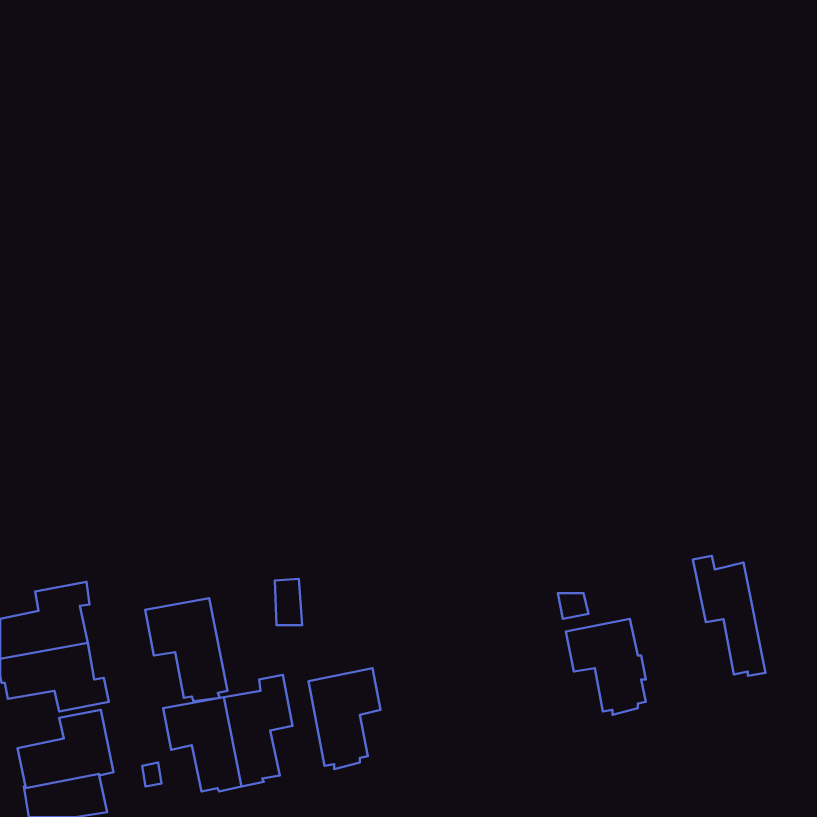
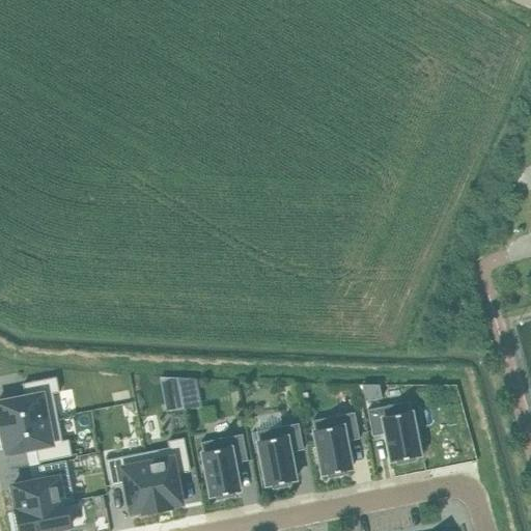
building: [693,556,766,676] -> none
building: [145,598,227,701] -> none
building: none -> [312,412,359,476]
building: none -> [256,423,303,487]

